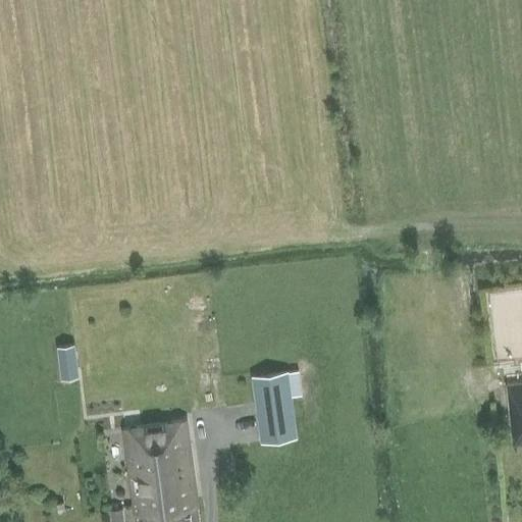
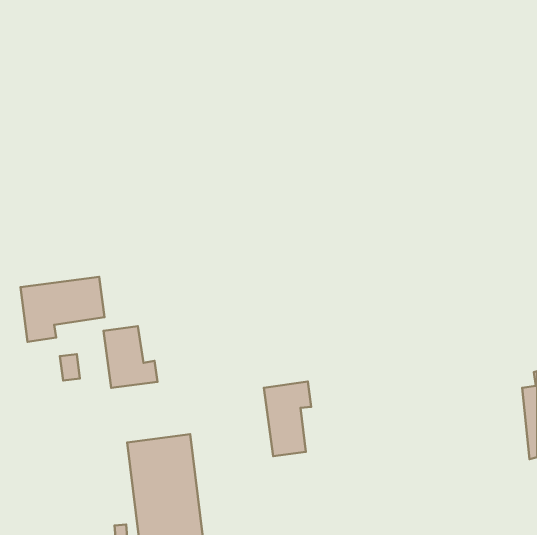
building: none -> [20,277,105,342]
building: none -> [104,326,158,388]

